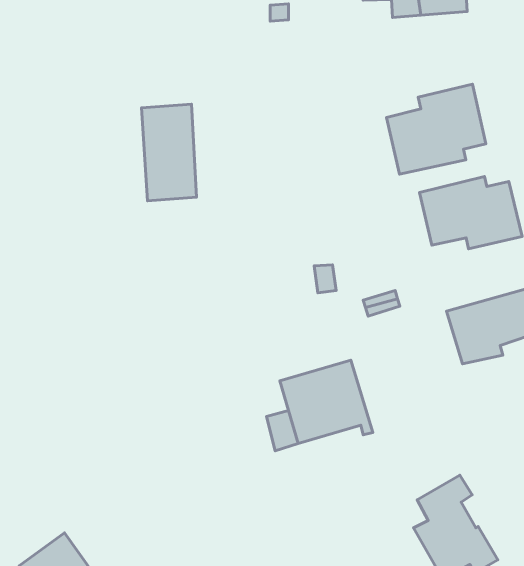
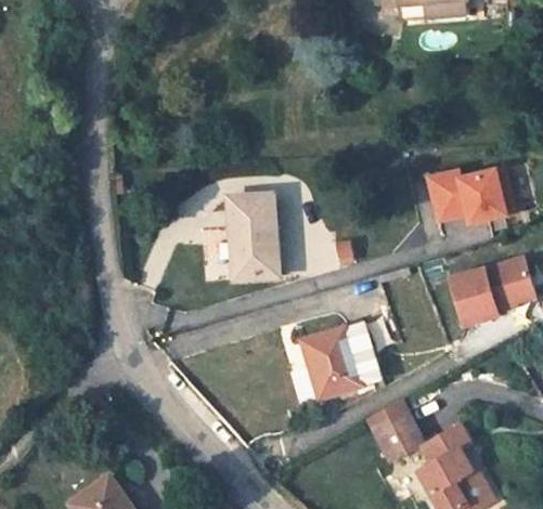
building: [386,84,486,174] -> none
building: [141,104,196,201] -> [229,193,277,278]
building: none -> [376,414,425,460]

